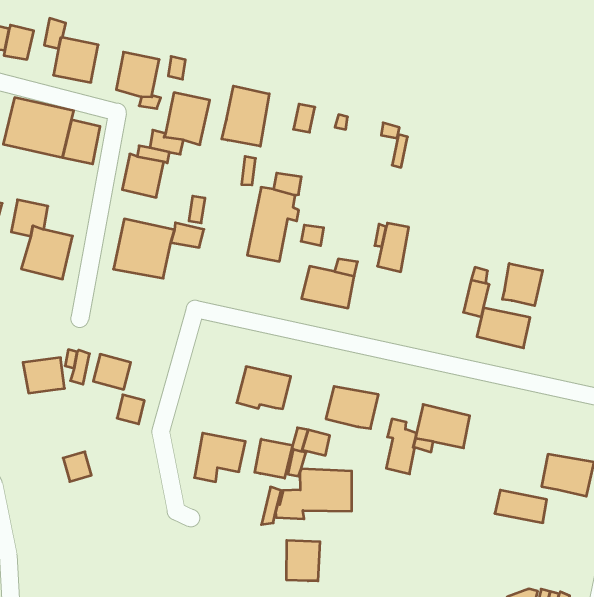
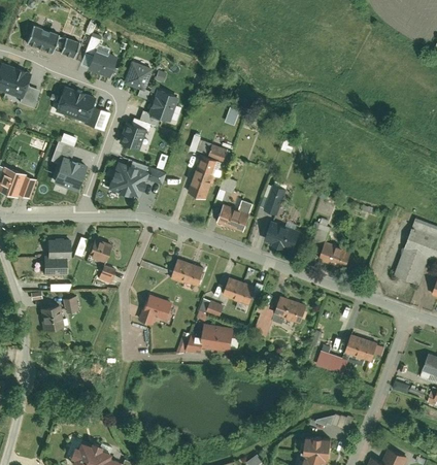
building: [222,86,269,146] -> none
building: [502,263,543,306] -> none
building: none -> [265,221,301,252]
building: none -> [42,258,66,275]
building: [255,439,293,478] -> none
building: none -> [42,306,64,331]
building: [287,540,320,581] -> none

